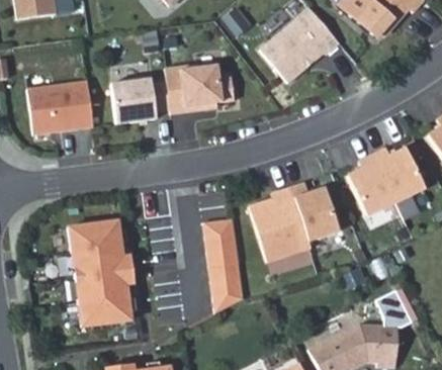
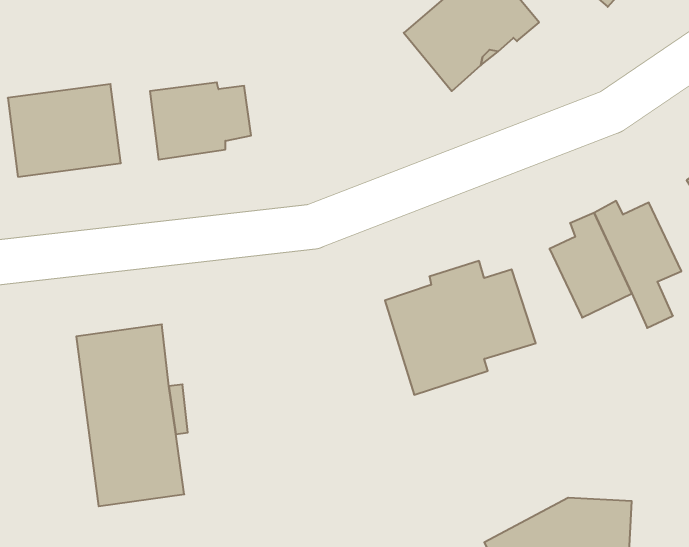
building: [165,63,235,112] -> none
building: [203,218,244,313] -> none

